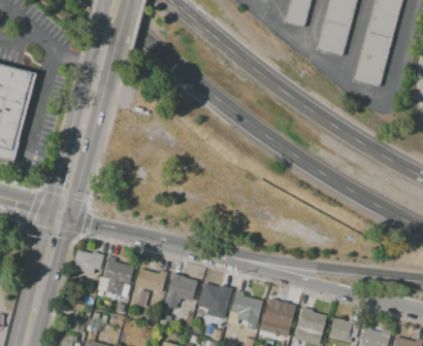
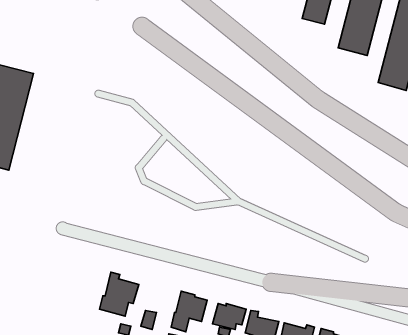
building: [71,248,104,274] -> none
building: [135,268,167,291] -> none

